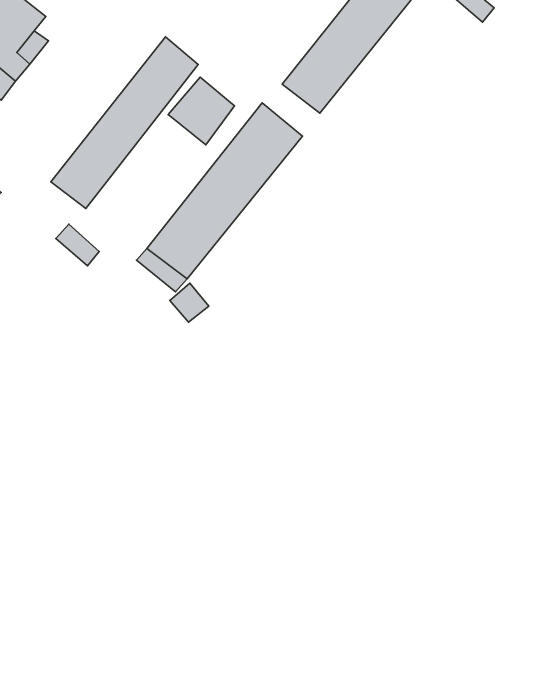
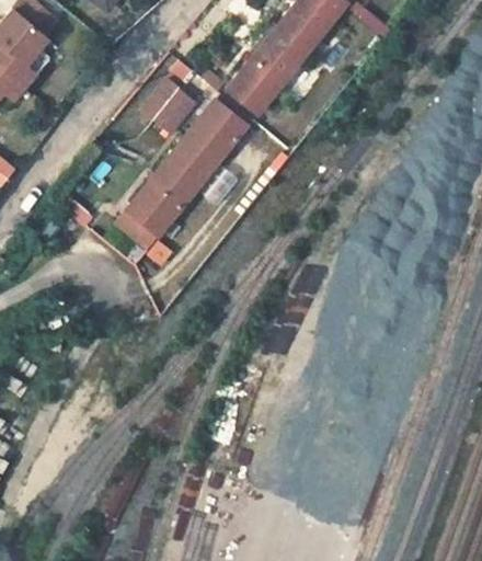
building: [51,37,198,208] -> none

